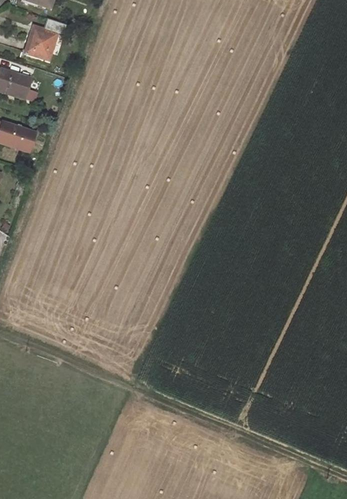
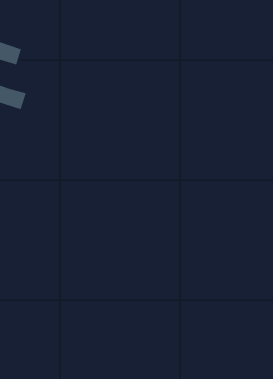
building: [25,25,59,61] -> none

